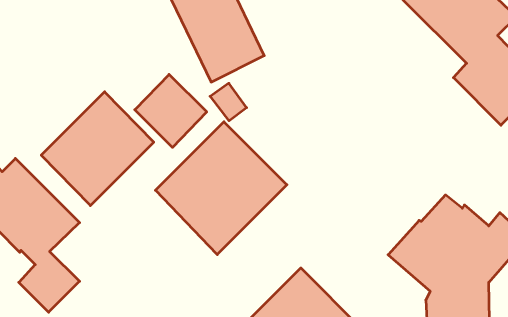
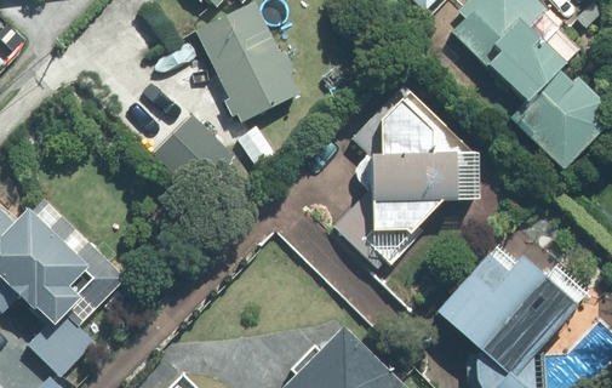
building: none -> [337,84,479,268]
building: [41,92,154,206] -> none
building: [155,122,287,255] -> none

